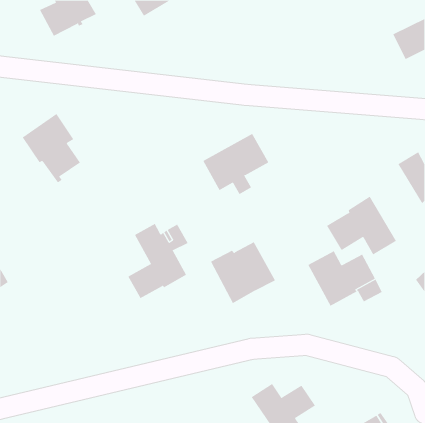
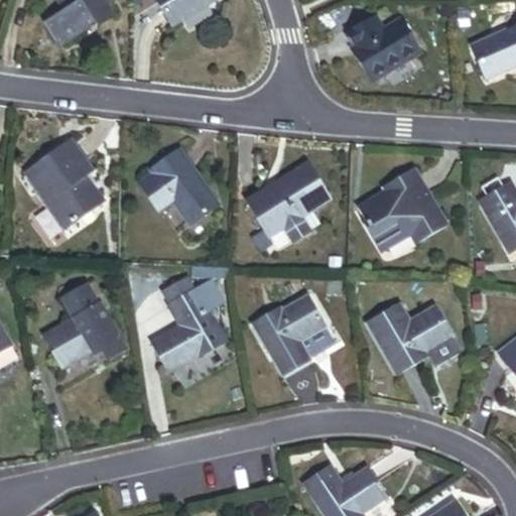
building: none -> [350,23,419,85]
building: none -> [141,148,218,221]
building: [326,196,397,255] -> [361,172,446,244]
building: none -> [43,280,124,365]

